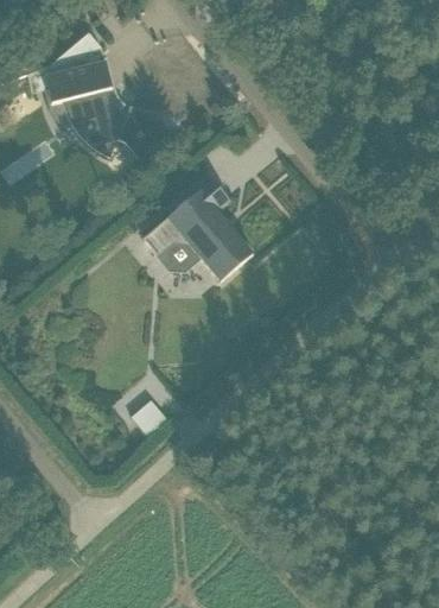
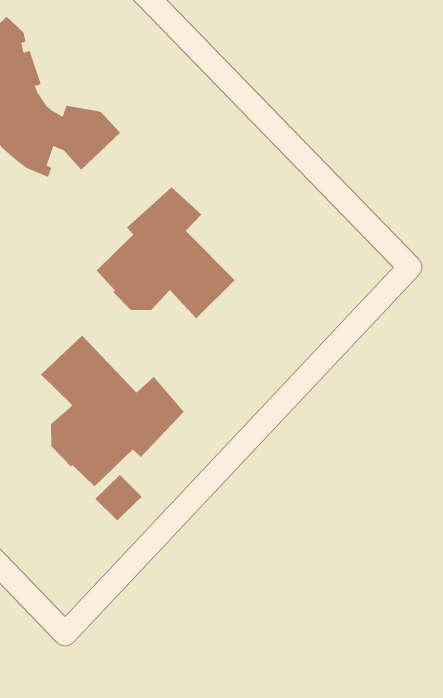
building: none -> [40,335,185,487]

